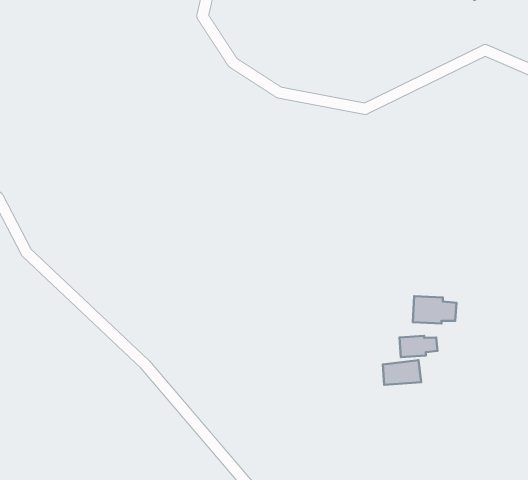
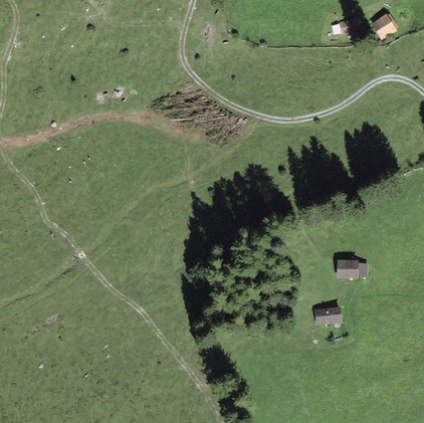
building: [399,336,437,357] -> none

